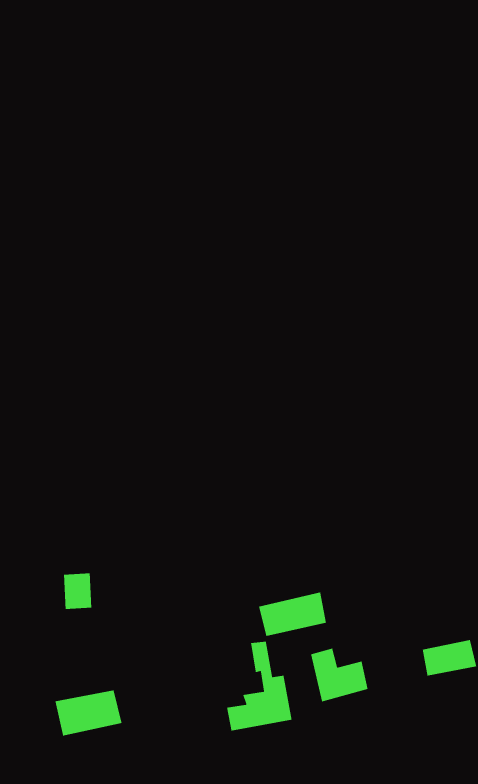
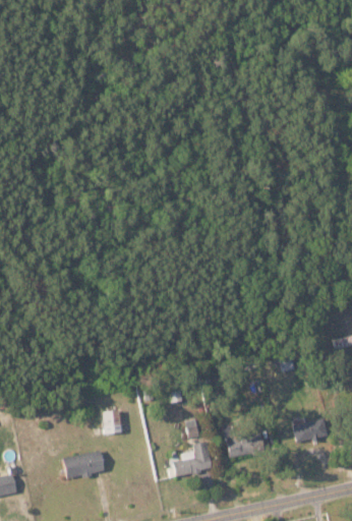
building: [63,573,92,610] -> [103,410,121,433]
building: [258,591,327,637] -> none

